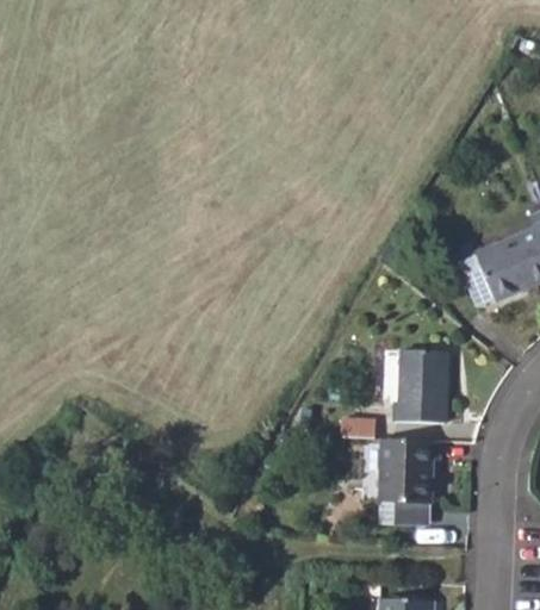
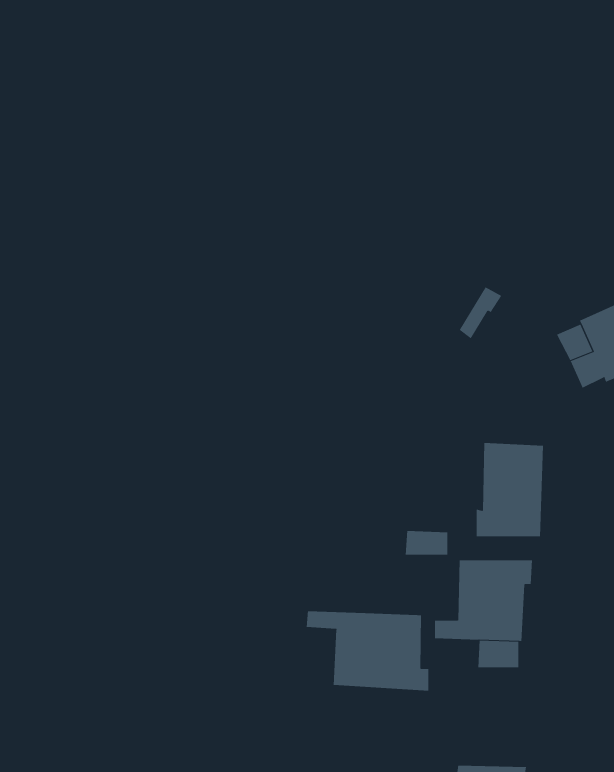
building: none -> [306,610,429,692]

